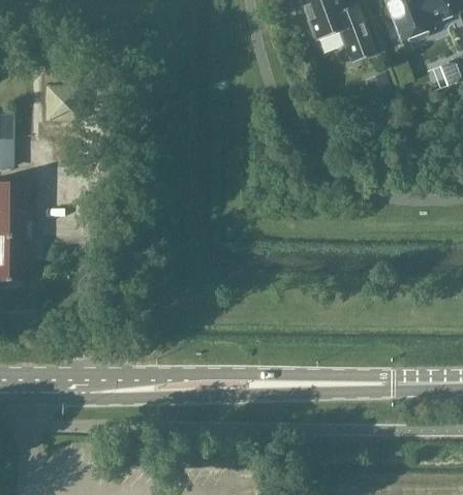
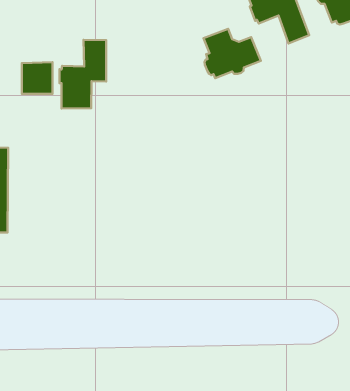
building: none -> [203,29,261,78]
building: none -> [60,40,106,108]

